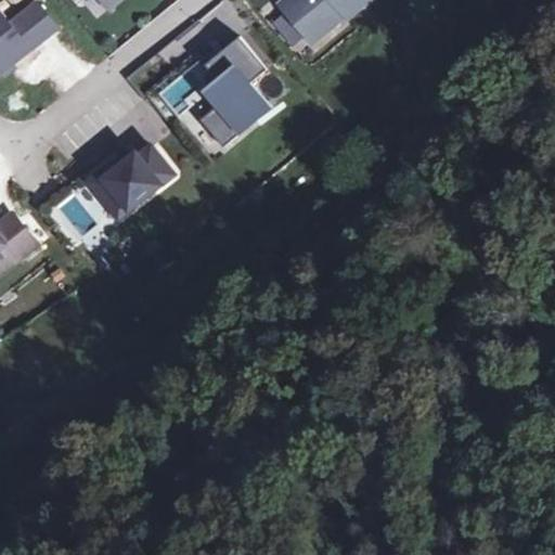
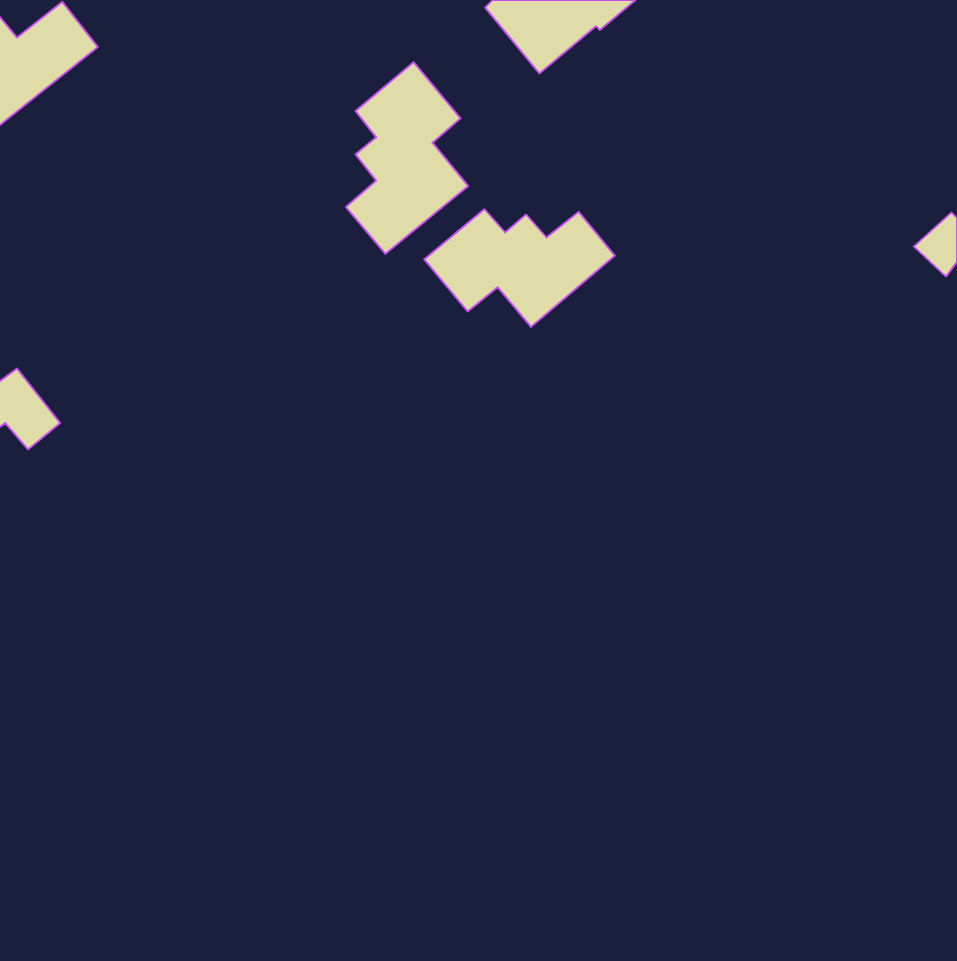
building: none -> [424,209,615,327]
building: [89,145,172,217] -> none

